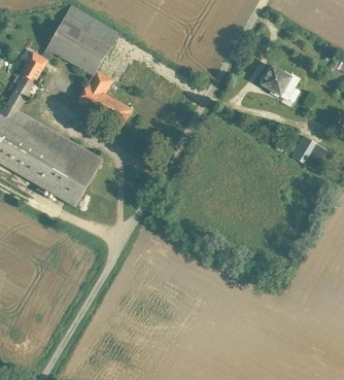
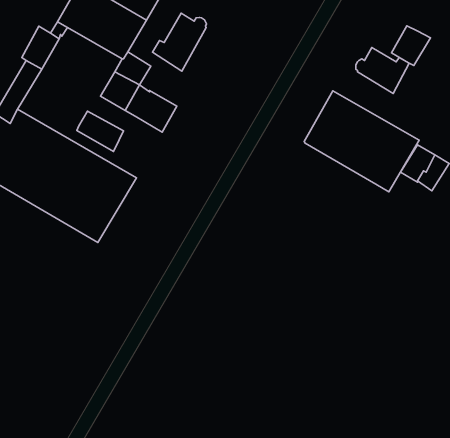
building: none -> [152,13,206,71]
building: none -> [391,26,430,66]
building: none -> [304,91,419,192]
building: none -> [77,111,123,152]

